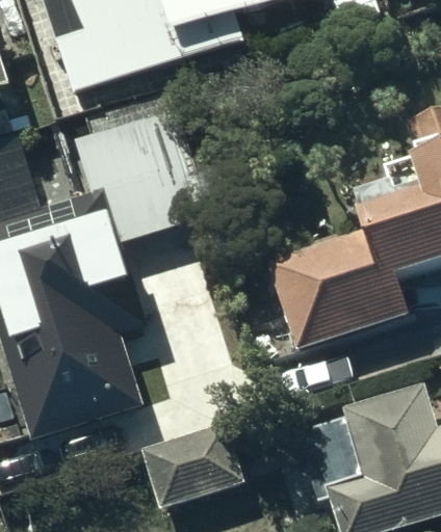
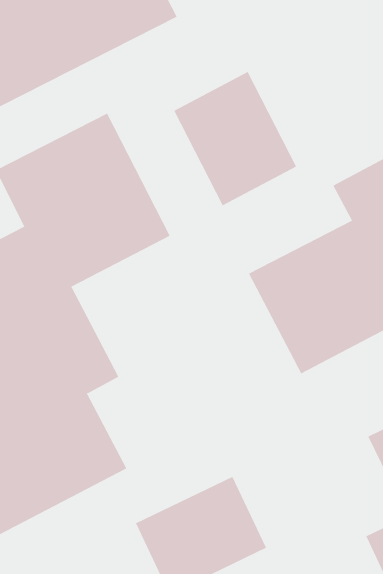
building: none -> [173,71,297,206]

